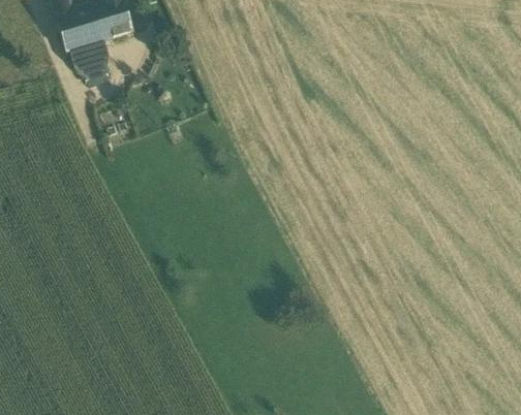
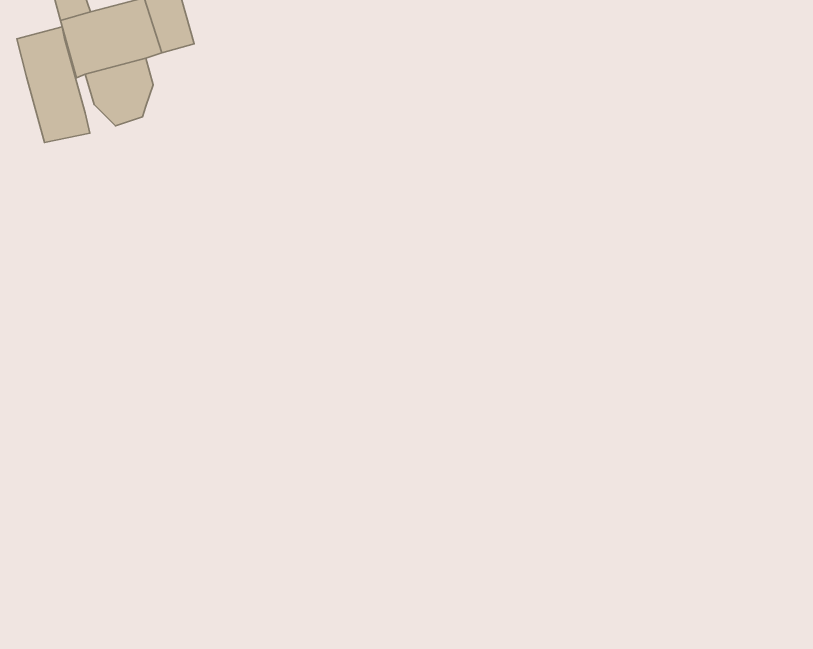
building: none -> [17,27,90,142]

